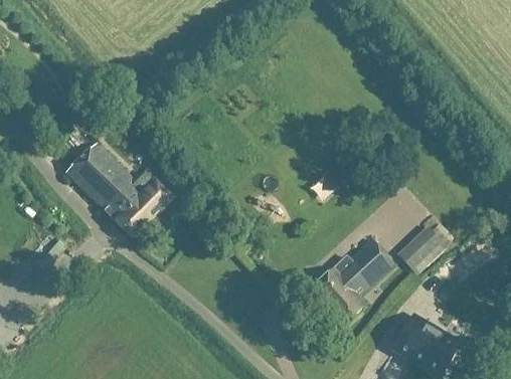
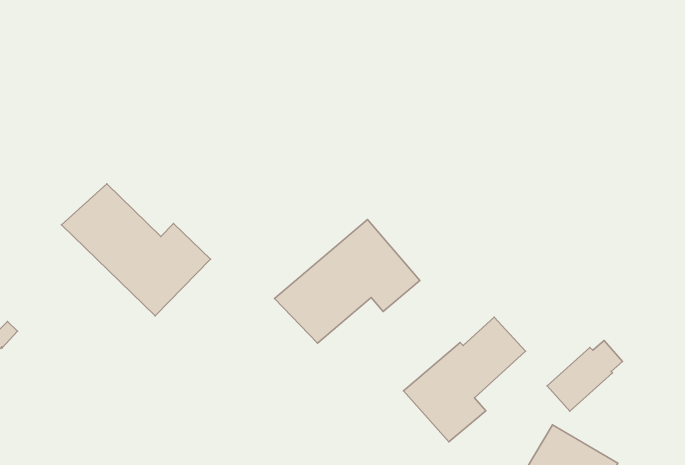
building: none -> [275,219,420,343]
building: [398,220,452,270] -> [547,340,622,411]

